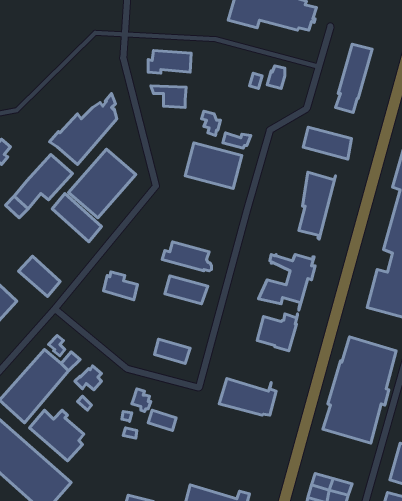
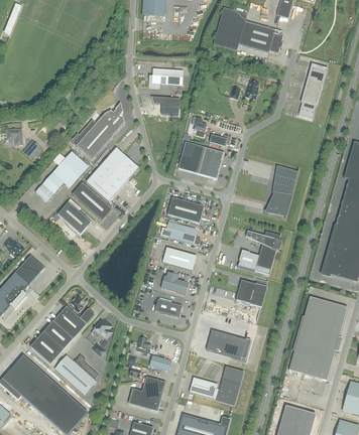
building: [303,127,351,159] -> none
building: none -> [167,196,204,222]
building: [18,256,60,297] -> [57,200,91,233]
building: [103,272,138,300] -> [161,271,189,293]
building: none -> [190,370,244,403]
building: none -> [128,376,165,410]

